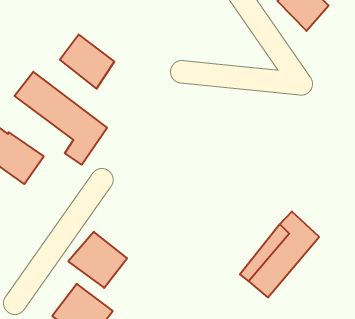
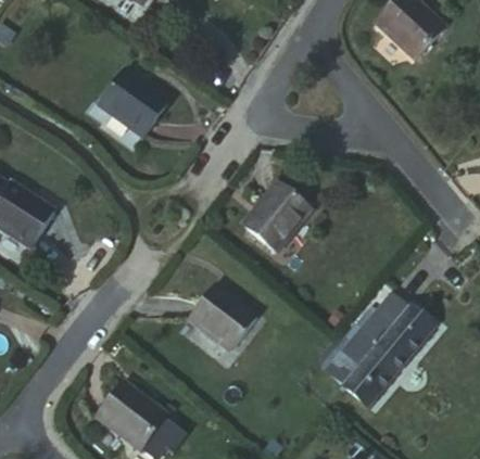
building: [15,72,107,165] -> none
building: none -> [238,181,302,250]
building: [68,232,127,288] -> [178,283,253,355]

